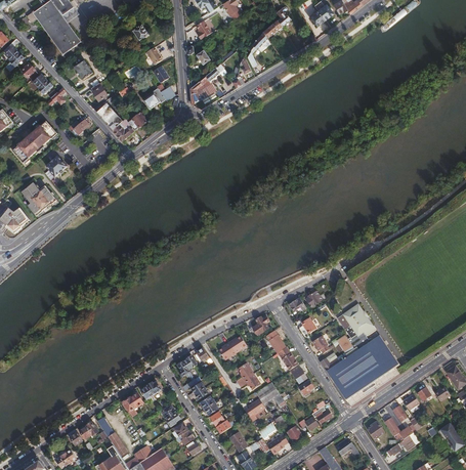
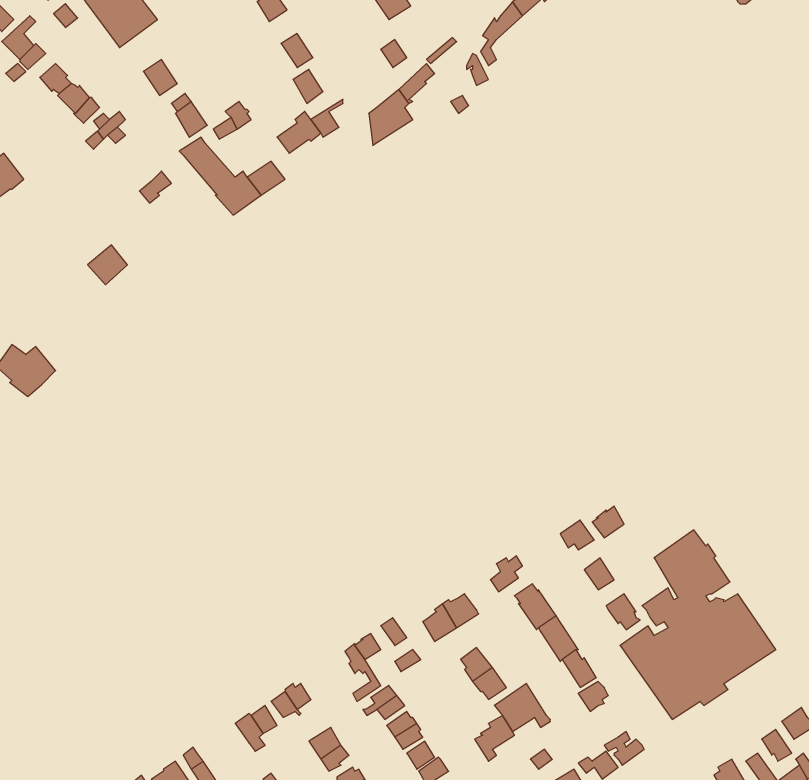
building: [12,120,57,163] -> none
building: [22,182,56,216] -> none

